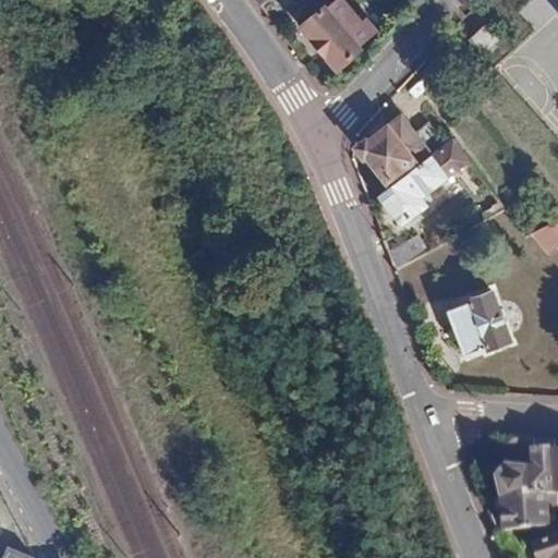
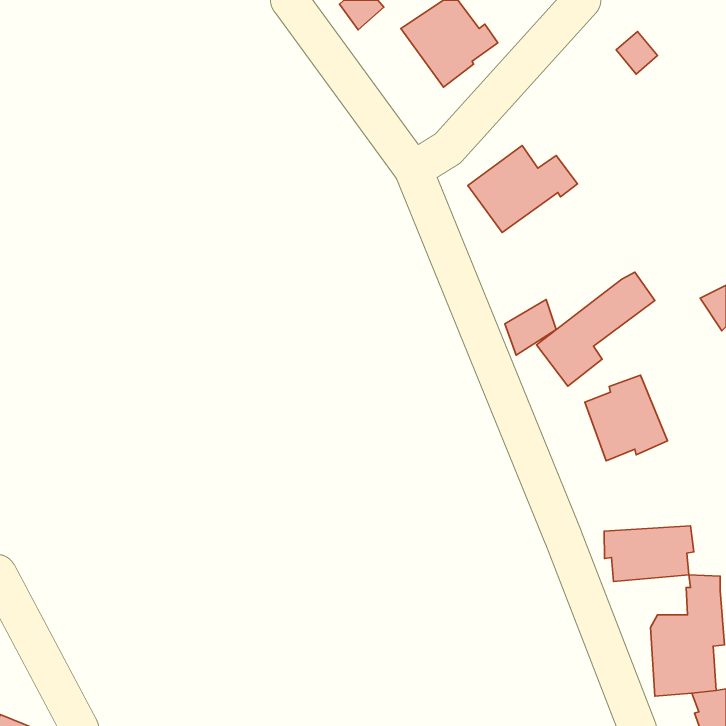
building: [376,137,466,225] -> [536,272,655,386]
building: none -> [604,526,694,582]

